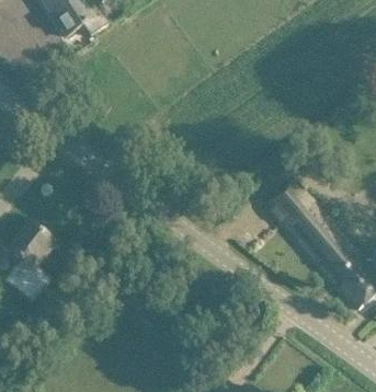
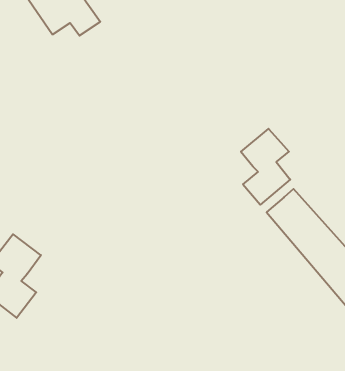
building: none -> [241,129,290,205]

